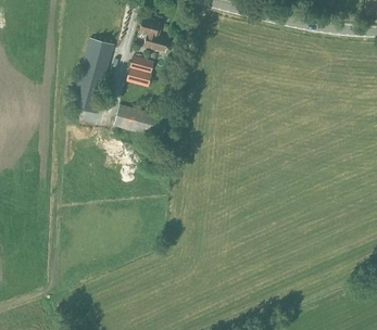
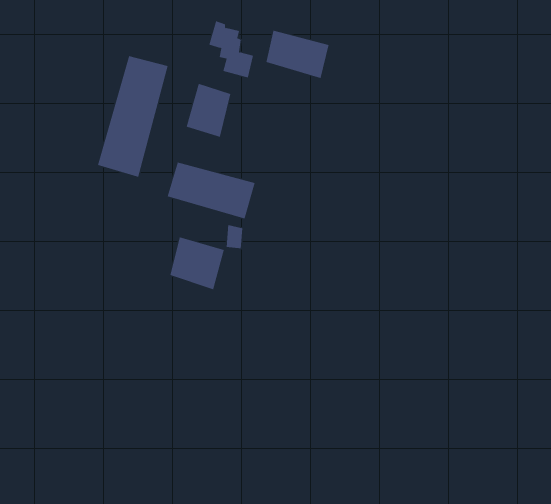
building: none -> [266,30,329,79]
building: none -> [170,237,224,290]

